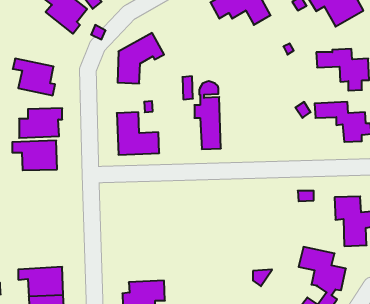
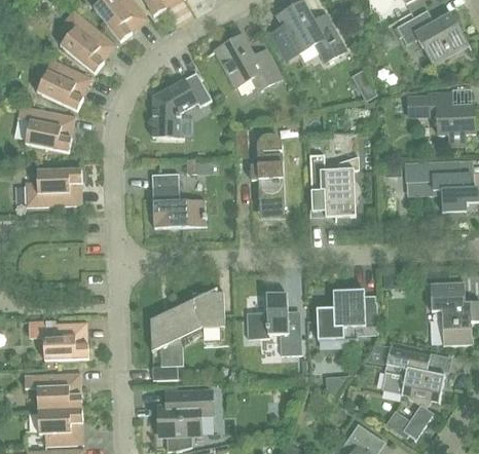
building: none -> [215,36,279,88]
building: none -> [36,62,86,110]
building: none -> [308,155,358,221]
building: [12,141,57,170] -> [30,321,87,360]
building: none -> [316,290,377,340]
building: none -> [150,291,224,382]
building: none -> [246,293,301,355]

